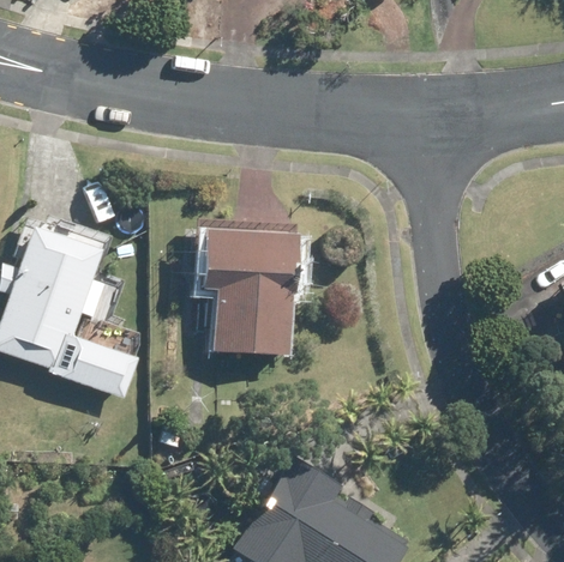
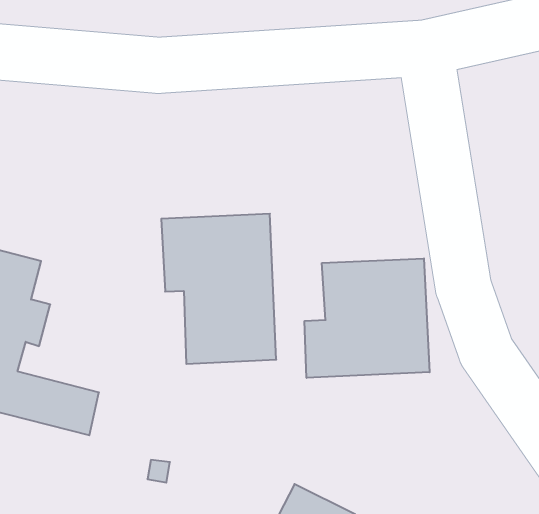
building: none -> [305,258,430,378]

